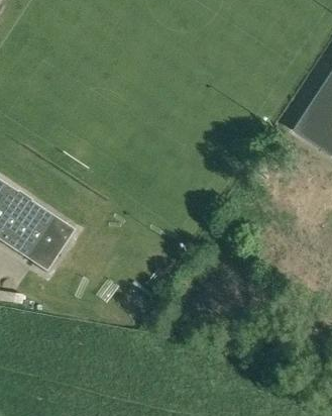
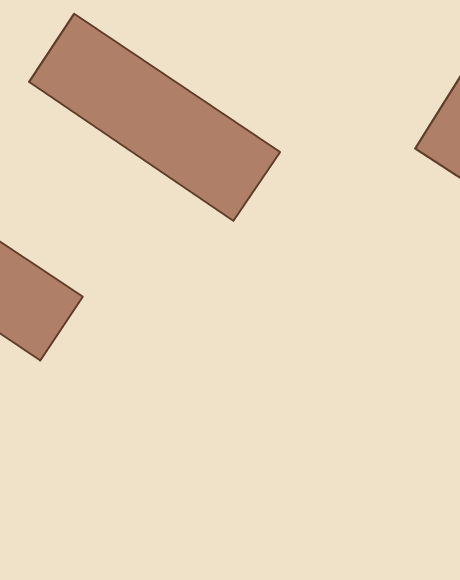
building: none -> [29,14,280,221]

